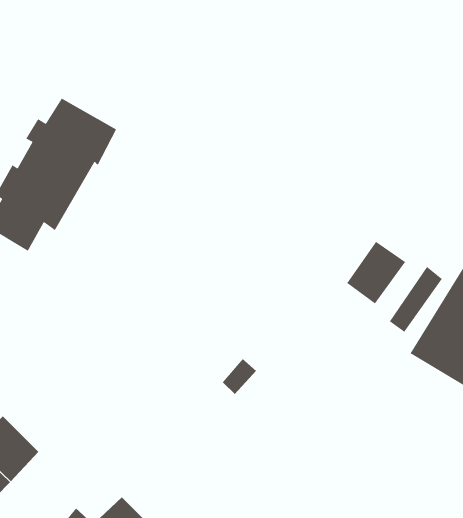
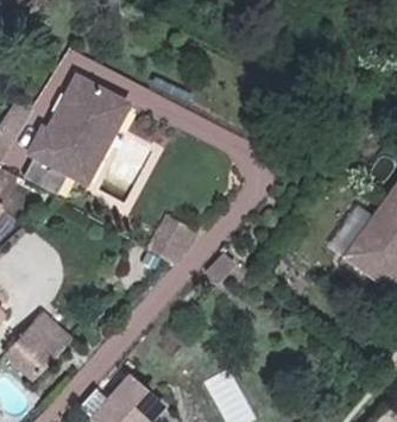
building: [346,241,406,305] -> none
building: none -> [147,212,197,262]

